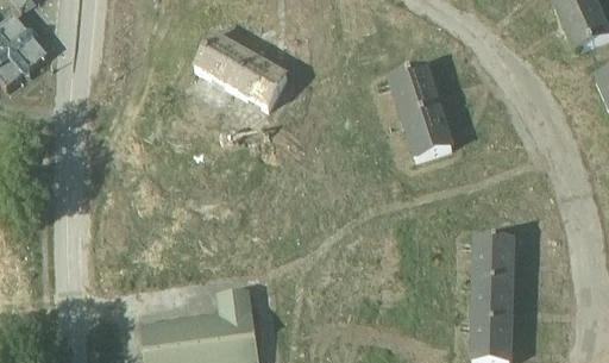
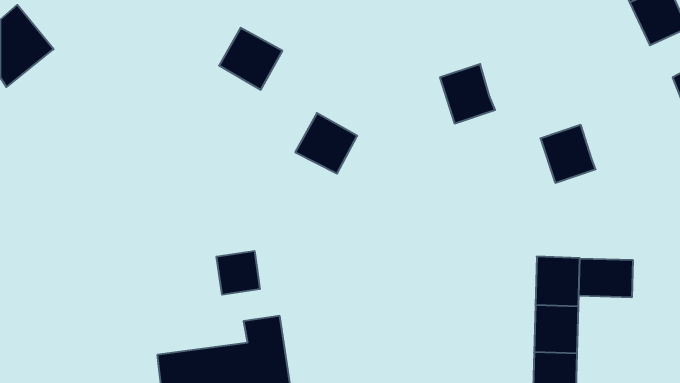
building: [231,51,285,105] -> [295,113,357,174]
building: [402,104,451,155] -> [540,125,596,183]
building: none -> [216,251,260,295]
building: none -> [579,258,633,297]

